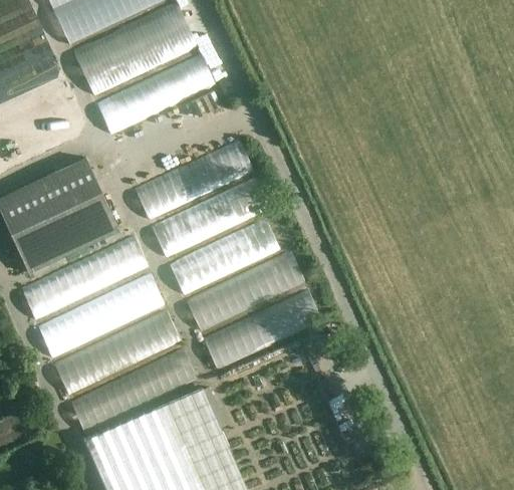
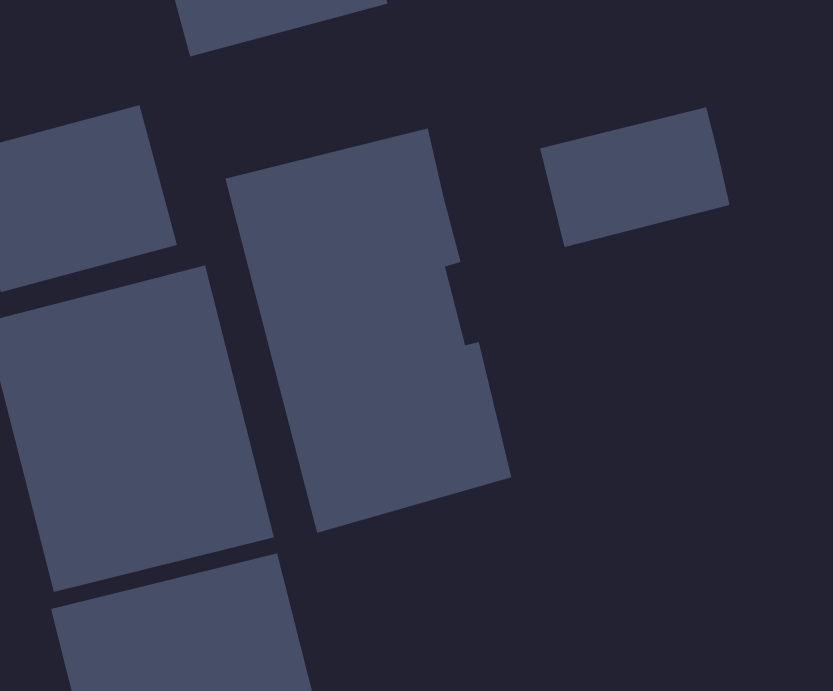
building: none -> [540,107,730,248]

